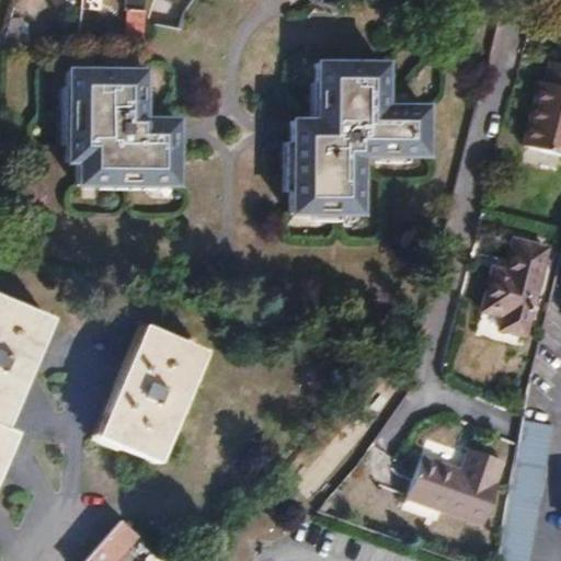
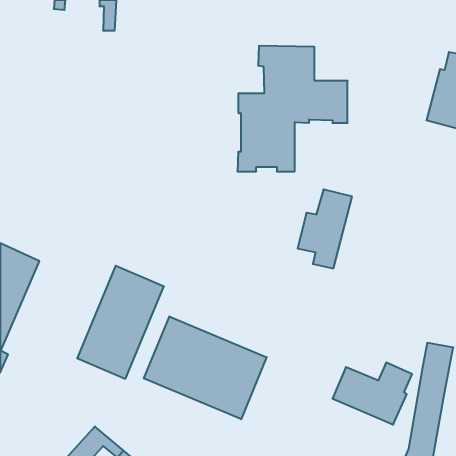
building: [68,69,179,185] -> none
building: [482,242,549,339] -> [298,189,352,268]
building: none -> [144,316,267,419]

